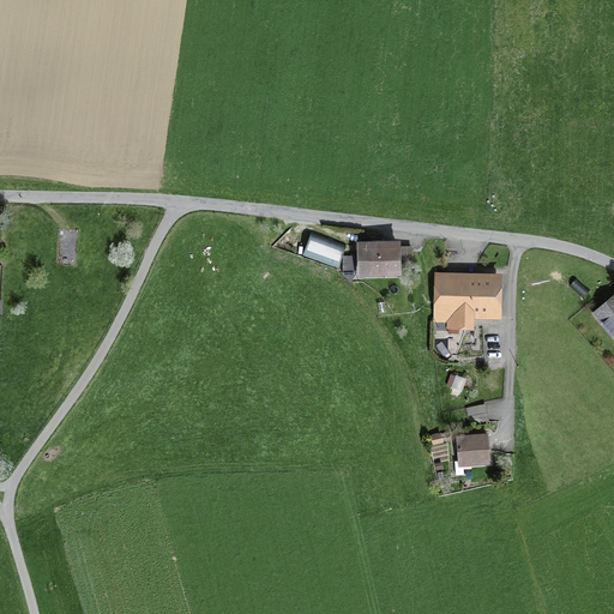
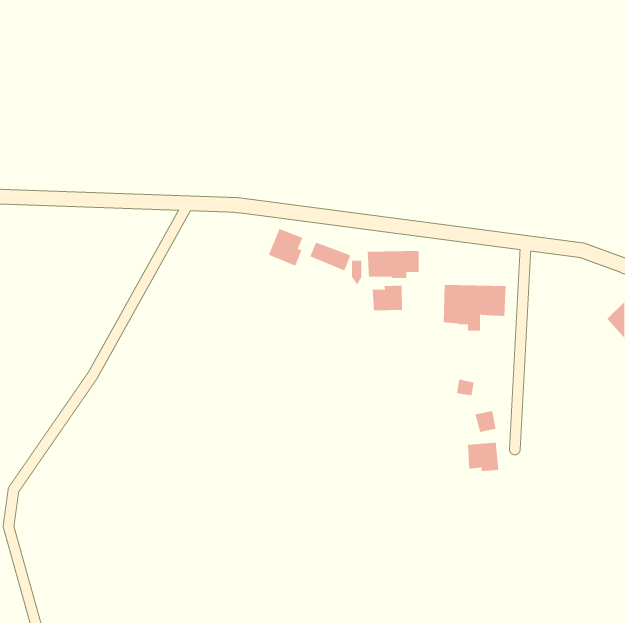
building: none -> [268,228,303,267]
building: none -> [372,285,403,311]

